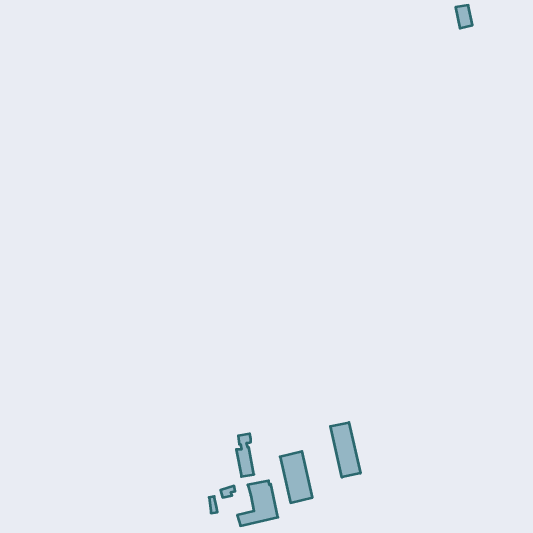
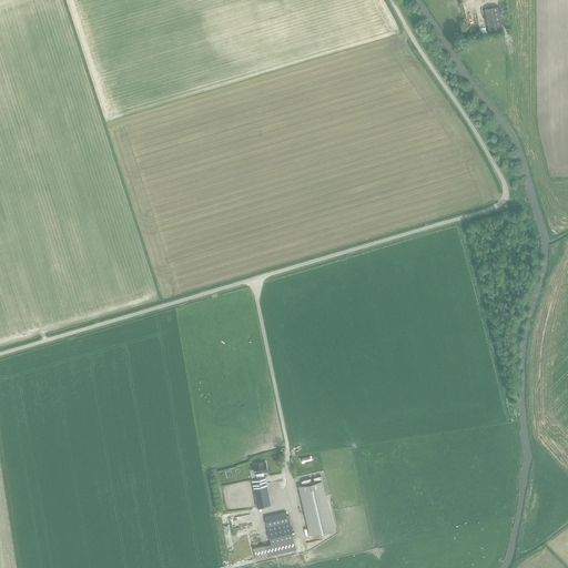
building: [330,422,360,477] -> none

